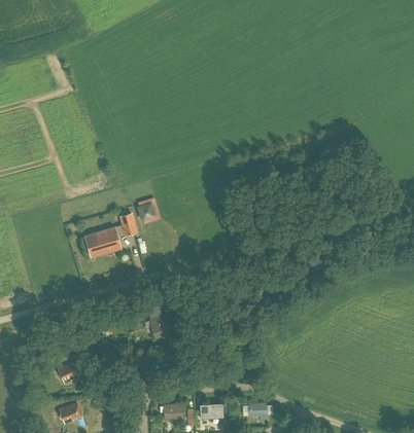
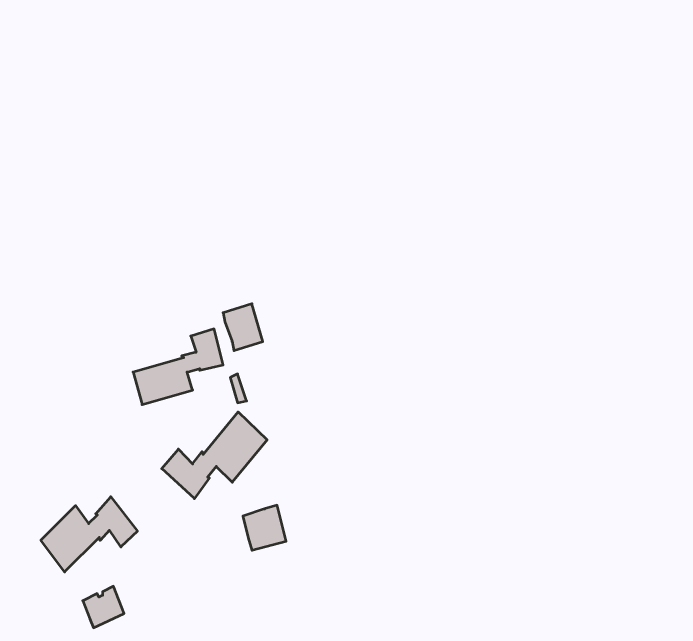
building: none -> [162,412,267,499]
building: none -> [41,497,137,572]

